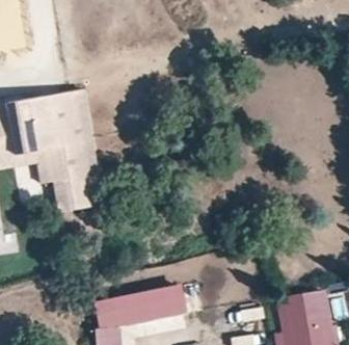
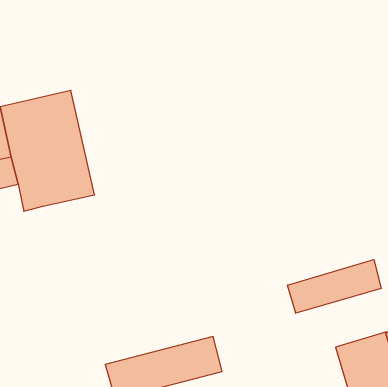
building: [53,172,100,210] -> none
building: none -> [287,260,381,313]

